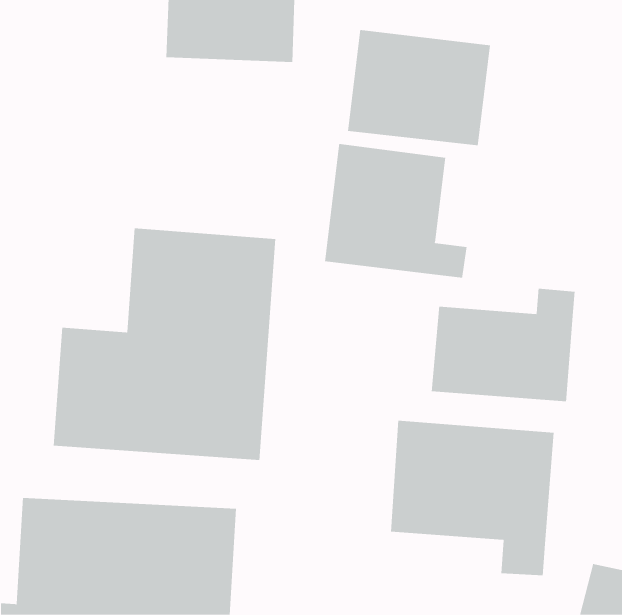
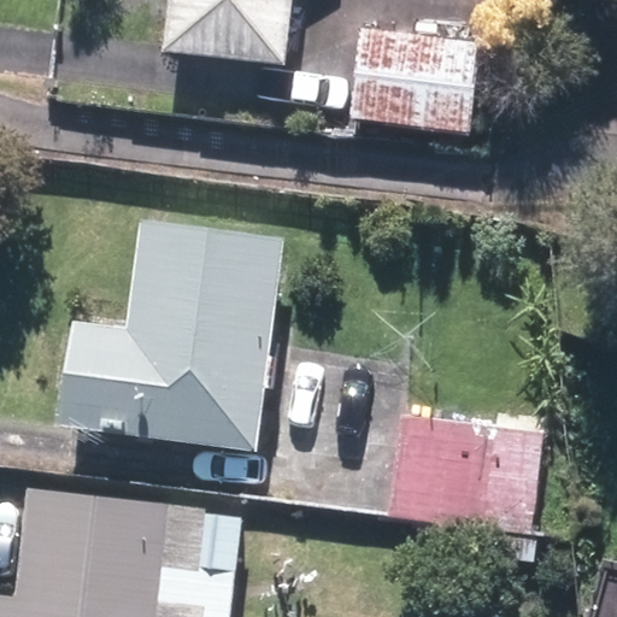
building: [325,143,467,279] -> none
building: [431,288,575,402] -> none

